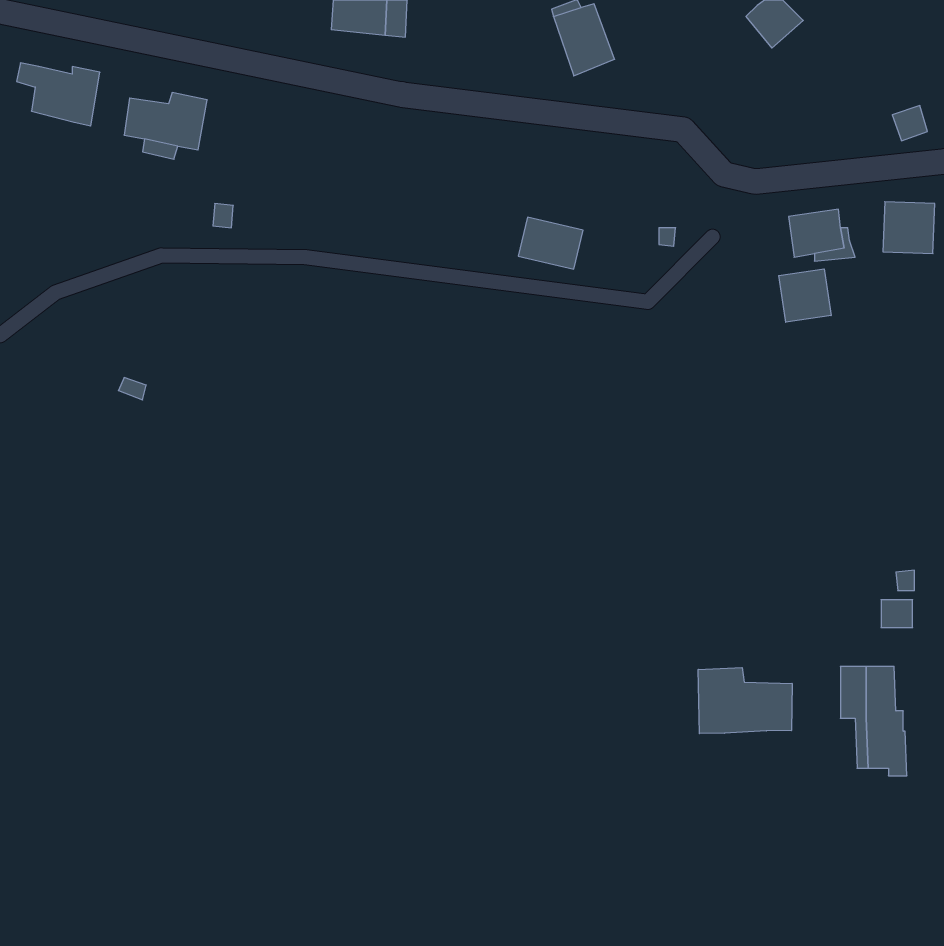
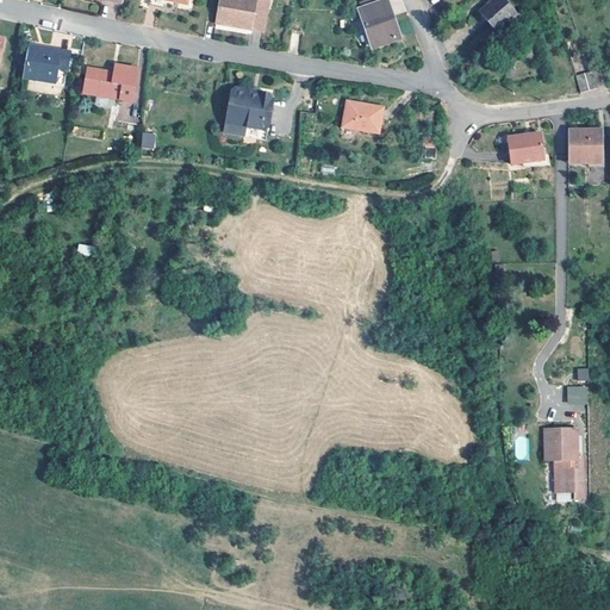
building: none -> [223,89,273,135]
building: [518,217,583,269] -> [342,97,384,130]
building: [779,269,831,322] -> none
building: [698,668,792,734] -> none

